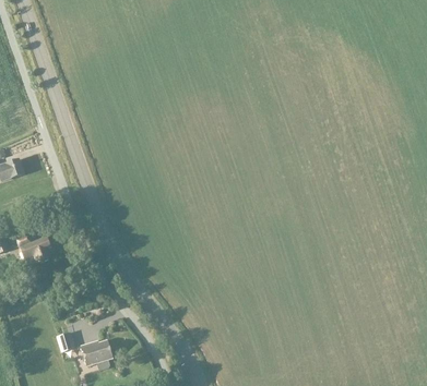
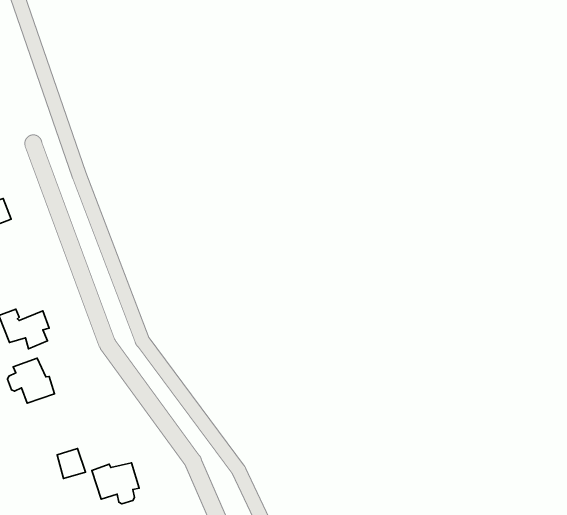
building: none -> [7,358,55,403]

